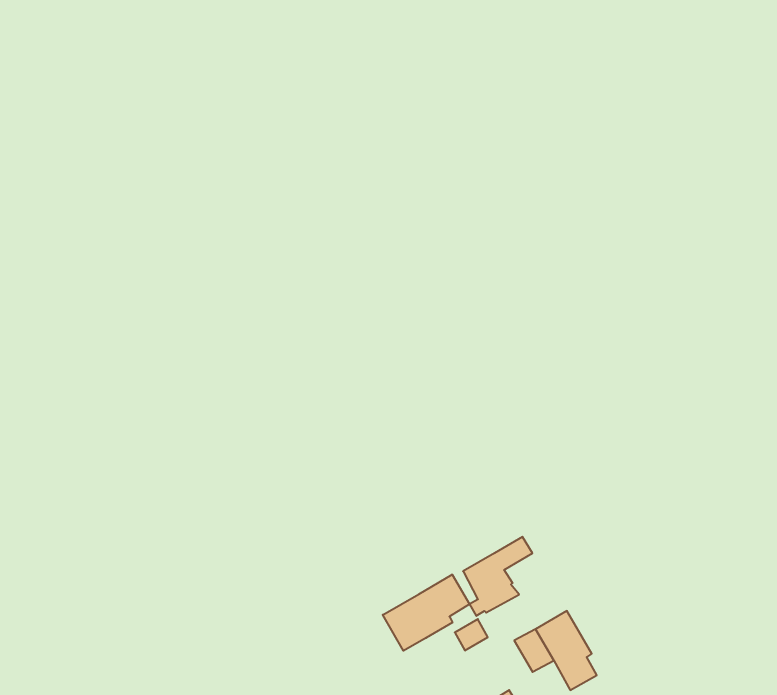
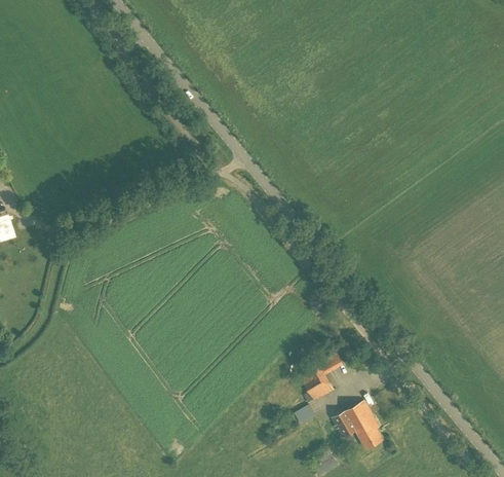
building: [383,574,470,651] -> none

